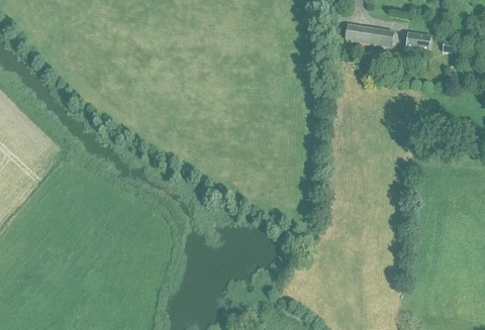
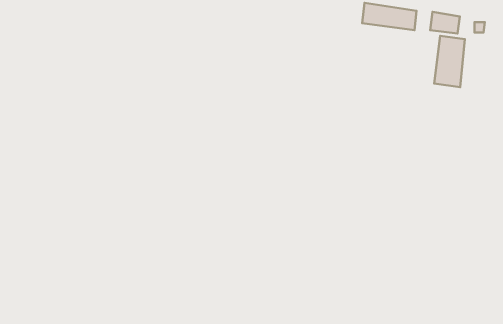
building: none -> [434,36,465,87]

